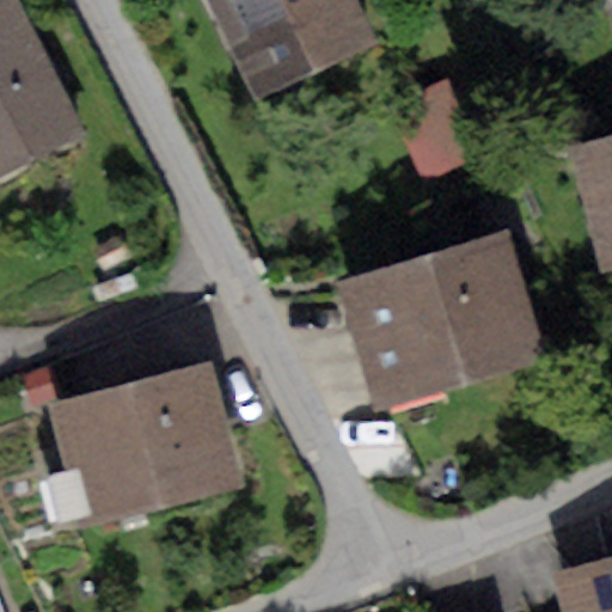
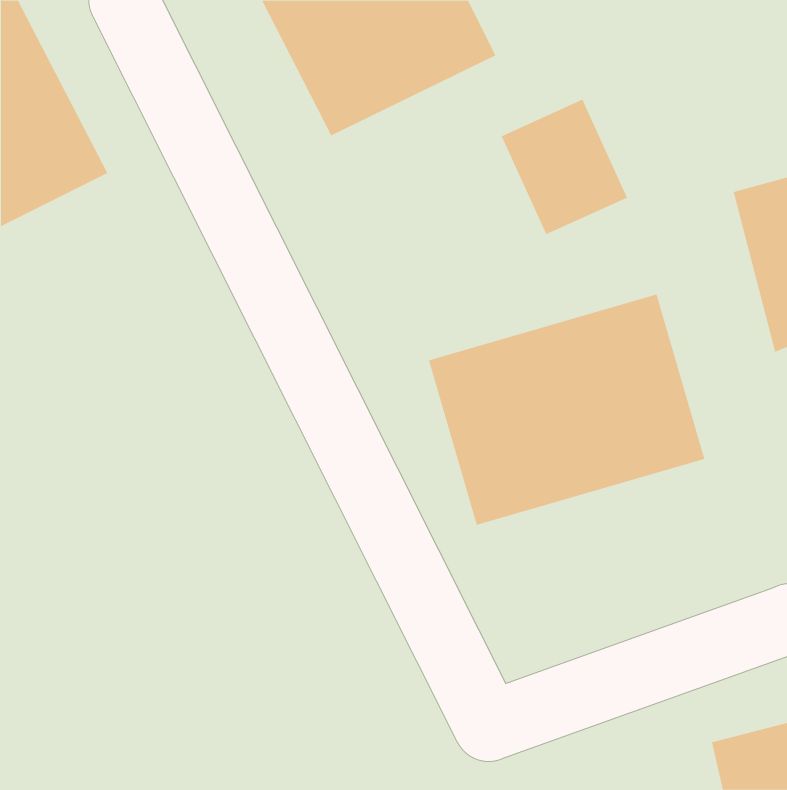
building: [43,372,232,521] -> none

